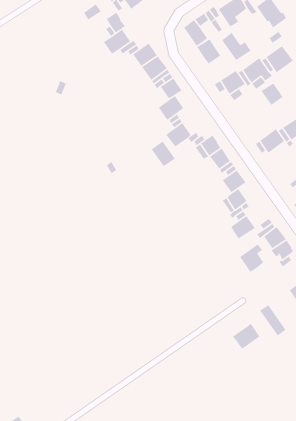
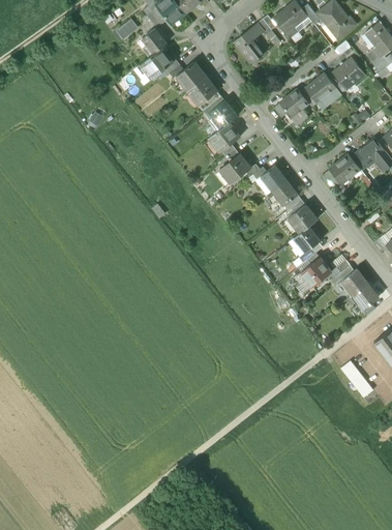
building: [221,32,251,61] -> none
building: [196,39,221,65] -> none
building: [260,82,284,106] -> none
building: [151,140,176,167] -> none
building: [239,243,264,273] -> none
building: [232,323,260,350] -> none

